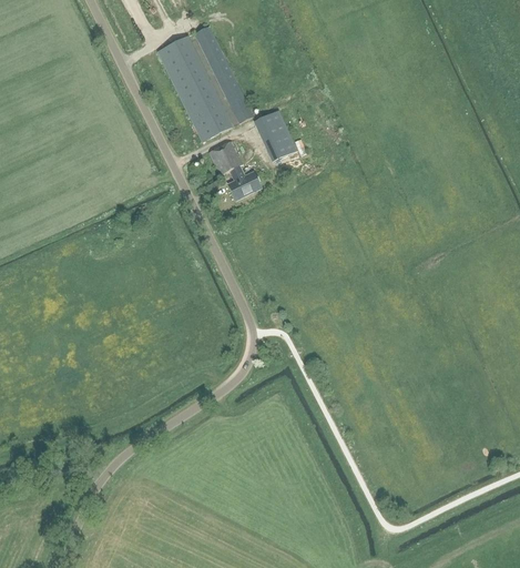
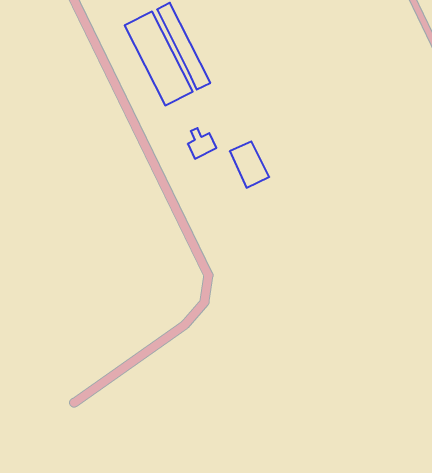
building: [254,110,298,162] -> [230,141,269,188]
building: [207,141,242,176] -> none

